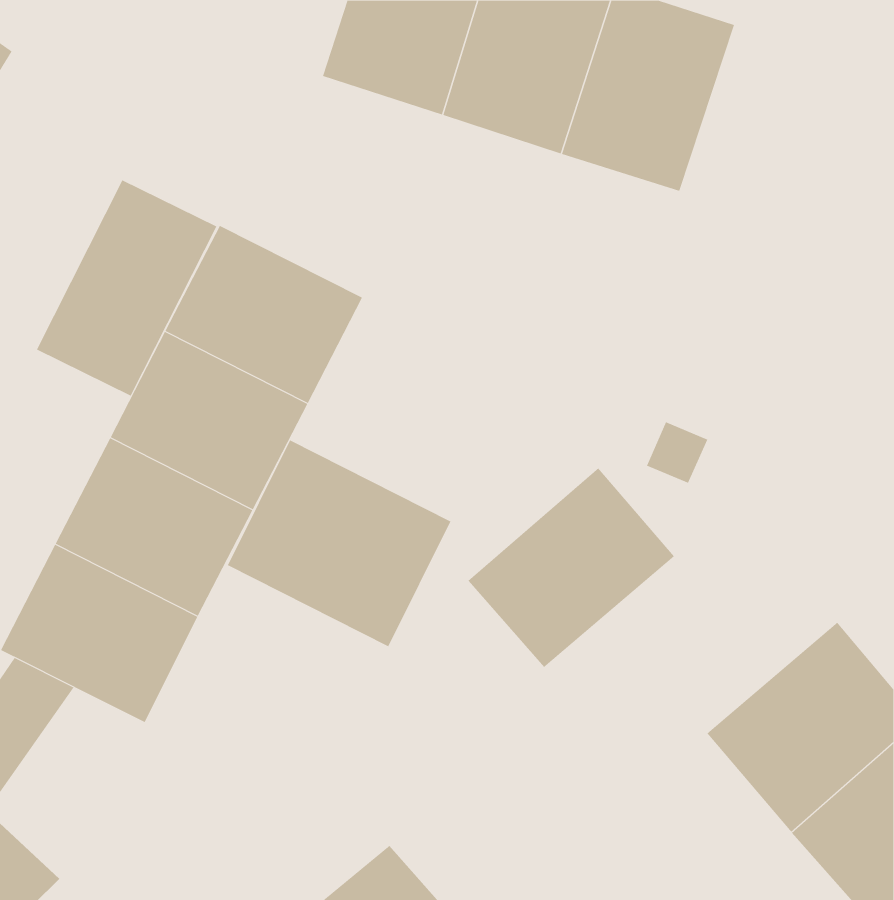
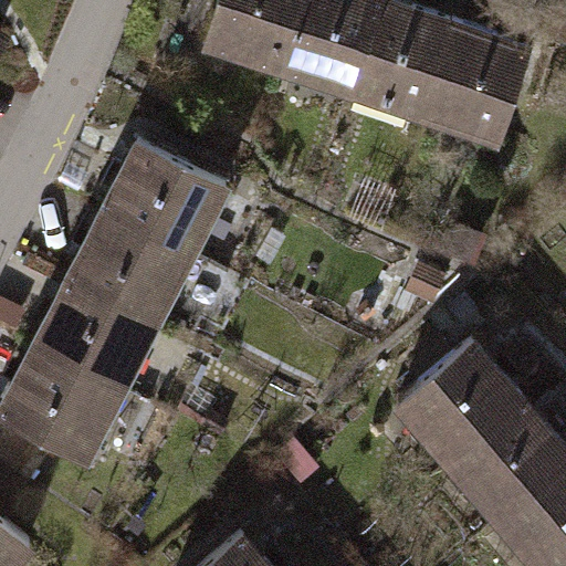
building: none -> [424,19,533,147]
building: [36,180,217,396] -> none
building: [227,439,451,647] -> none
building: [468,468,675,668] -> [394,336,523,461]

